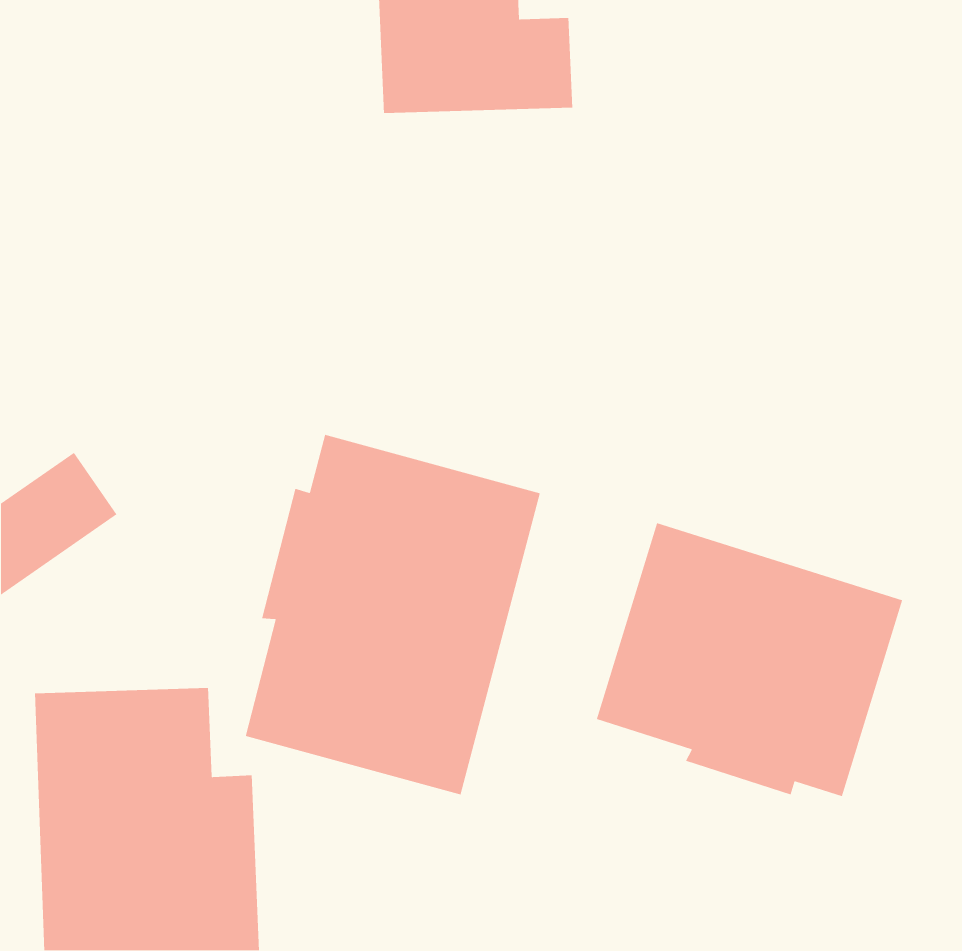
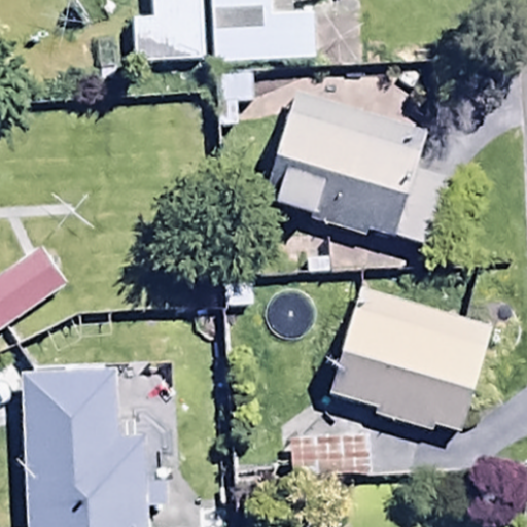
building: none -> [275,93,455,246]
building: [245,434,541,795] -> none

